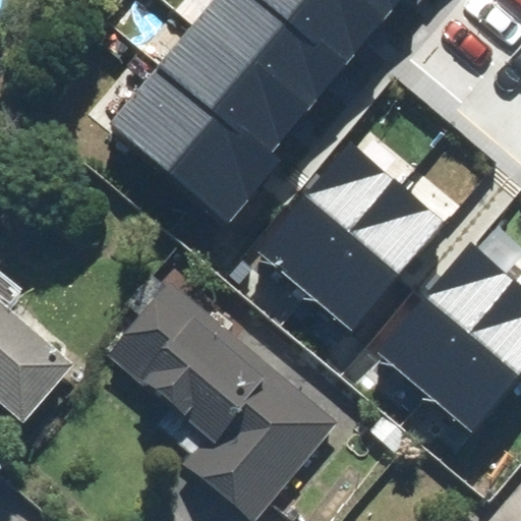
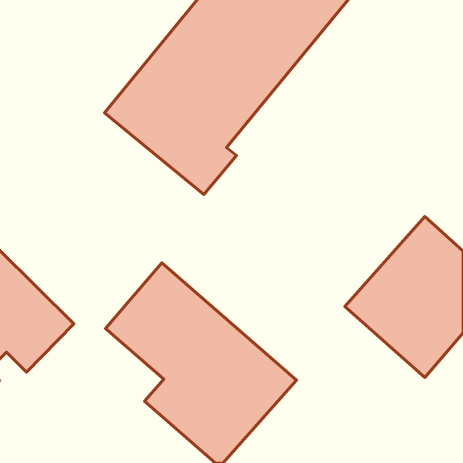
building: [263,144,442,325] -> none

